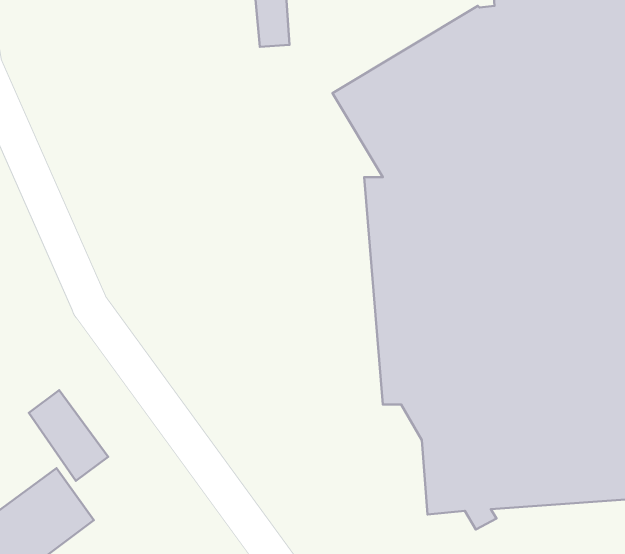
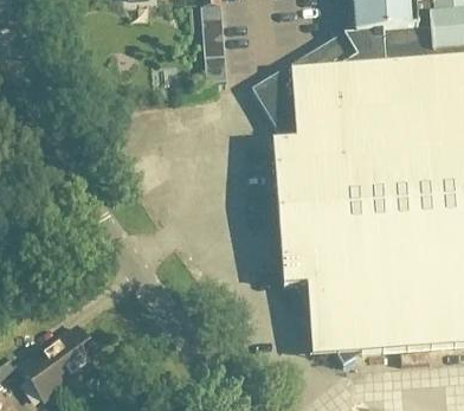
building: [29,390,108,481] -> none

